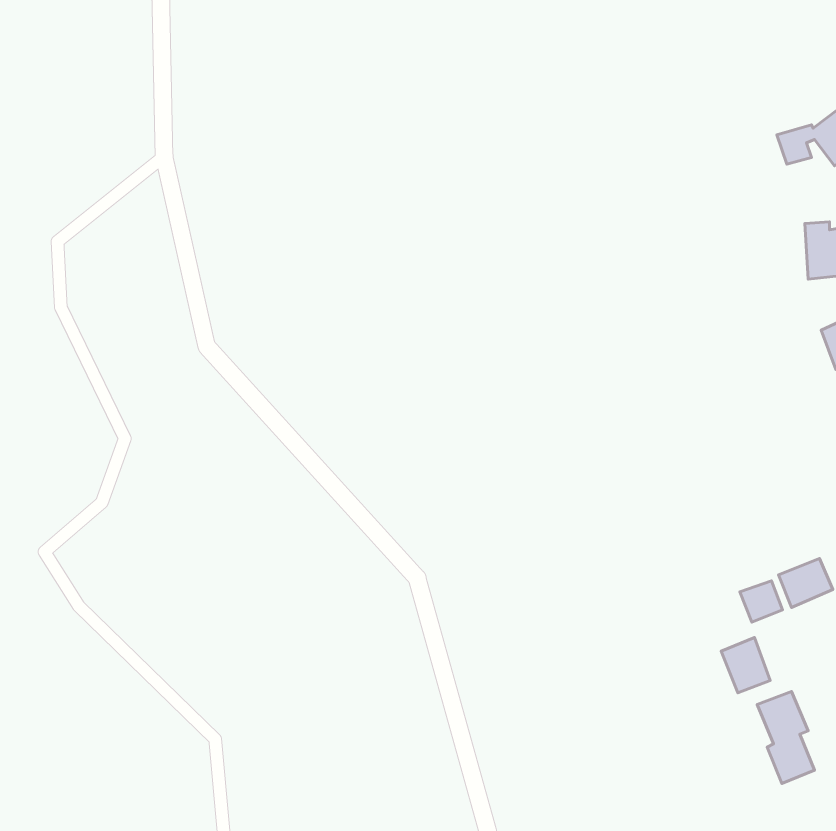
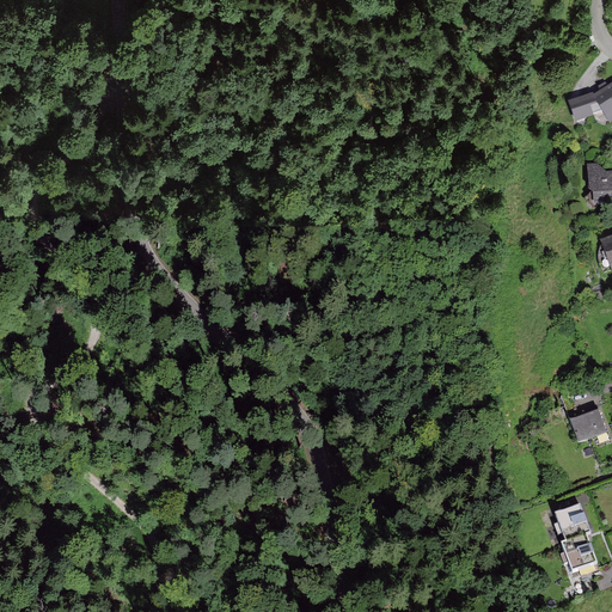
building: [740,581,783,622] -> none
building: [721,638,770,693] -> none

